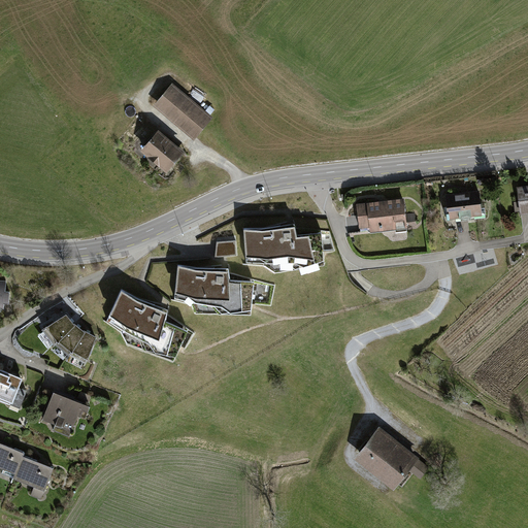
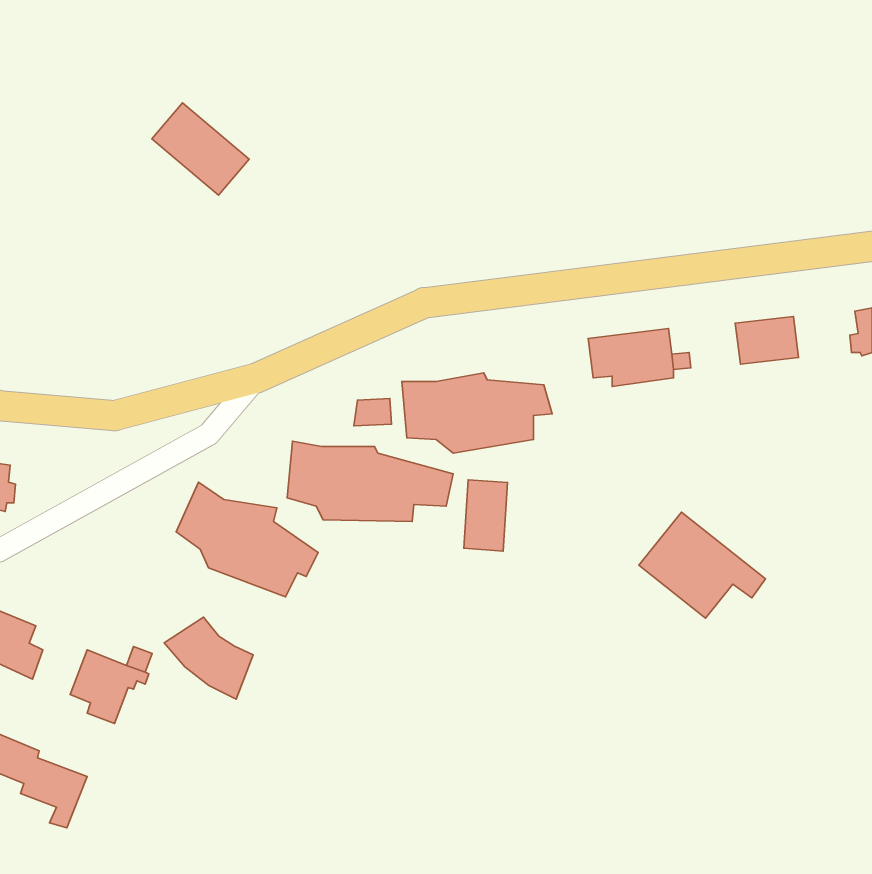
building: [153,84,211,139] -> [152,103,249,195]
building: [138,130,184,173] -> none
building: none -> [464,480,508,551]
building: [42,314,96,363] -> [164,617,253,699]
building: [353,427,429,491] -> [639,512,765,618]

